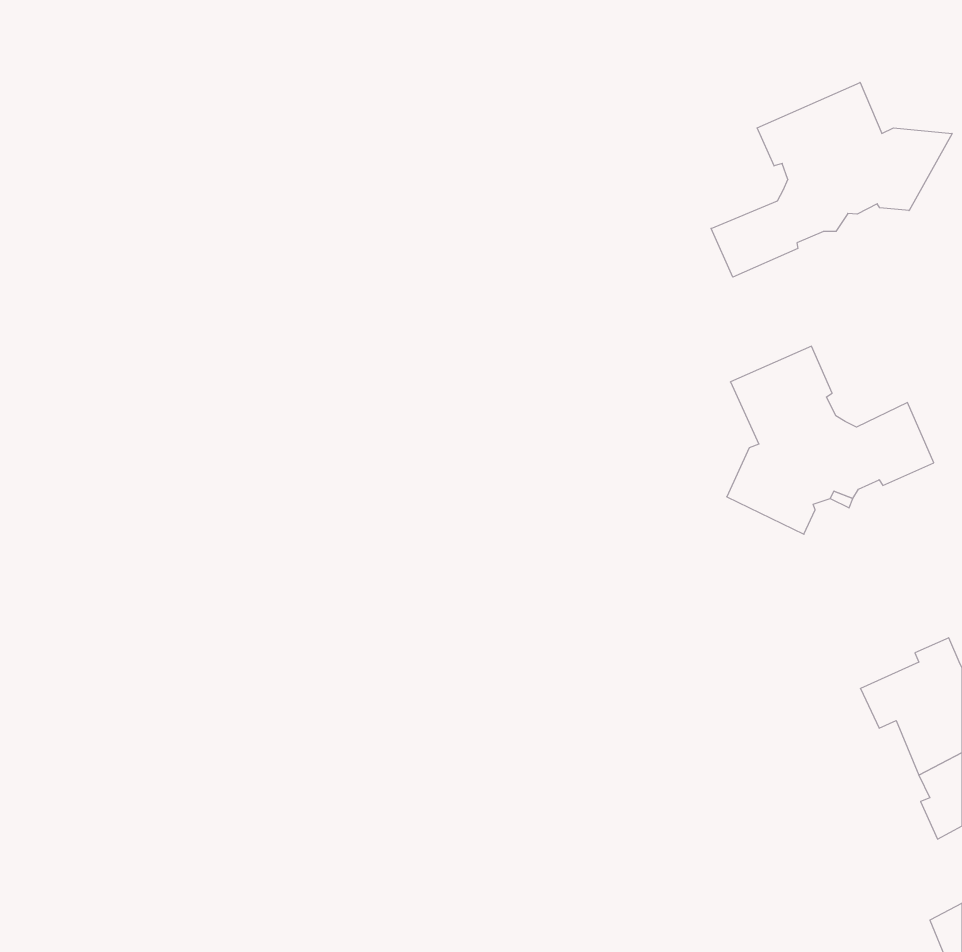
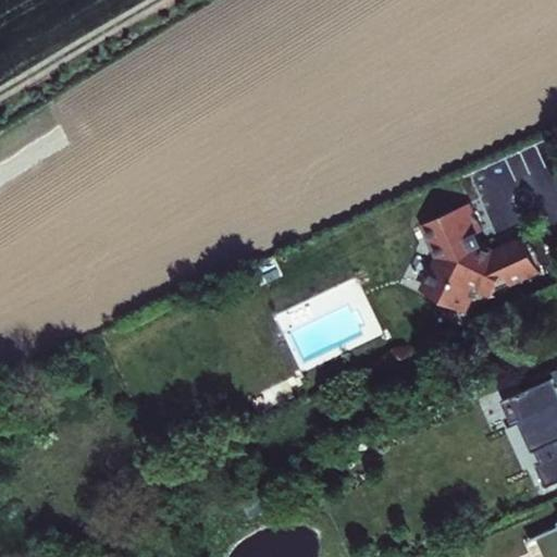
building: [711,82,952,277] -> none

